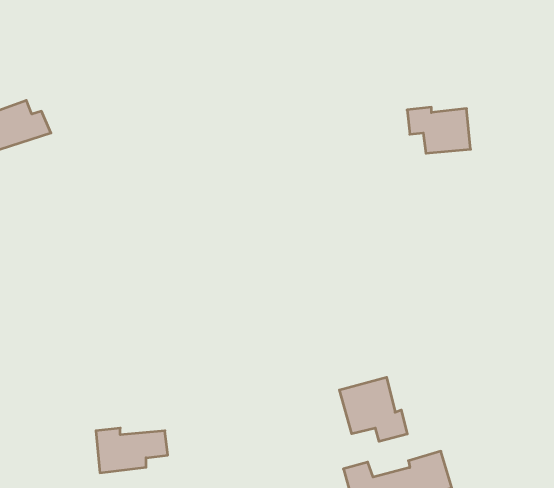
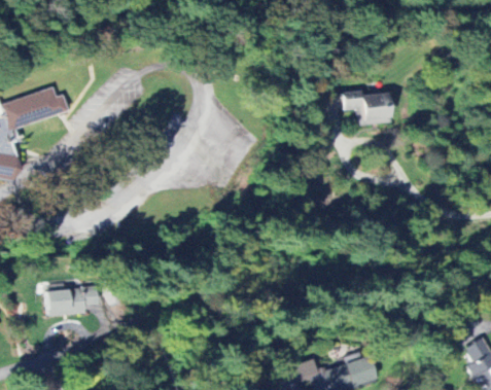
building: [339,377,407,441] -> none
building: [96,428,168,473] -> [44,282,99,316]

